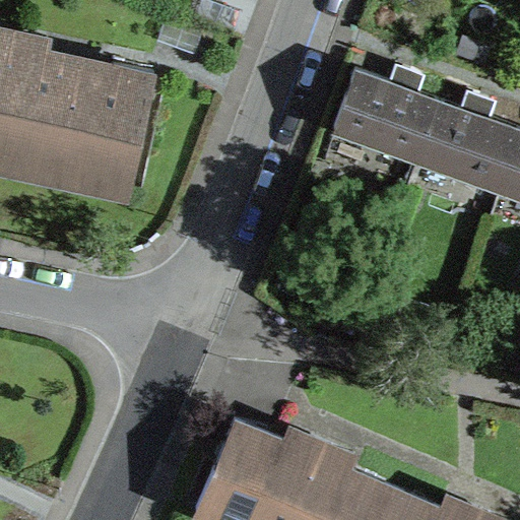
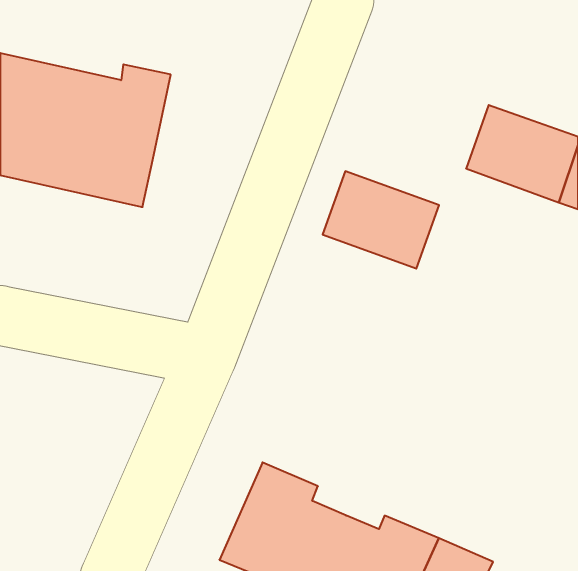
building: [334,70,439,157] -> [323,171,439,269]

